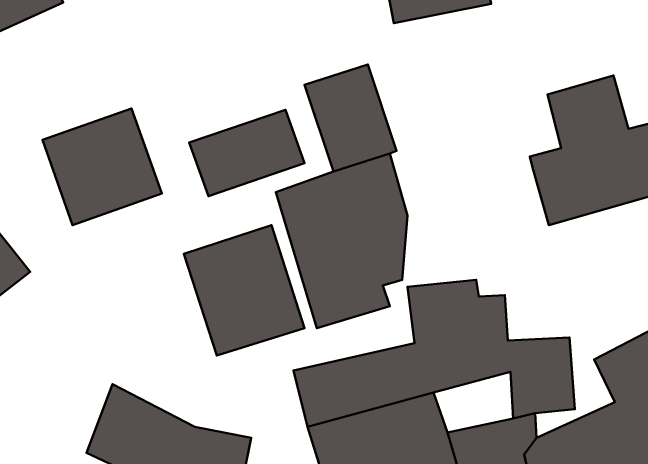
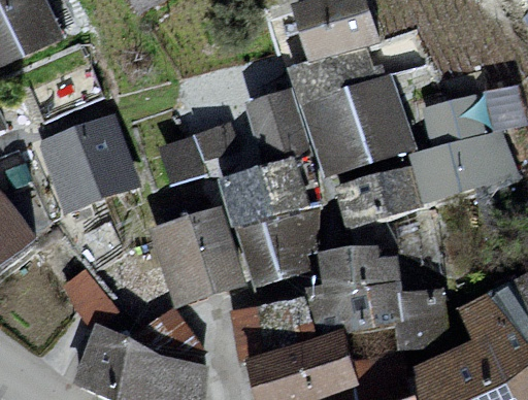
building: none -> [304,78,411,174]
building: none -> [336,164,426,229]

